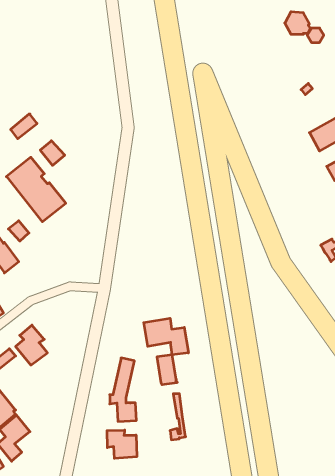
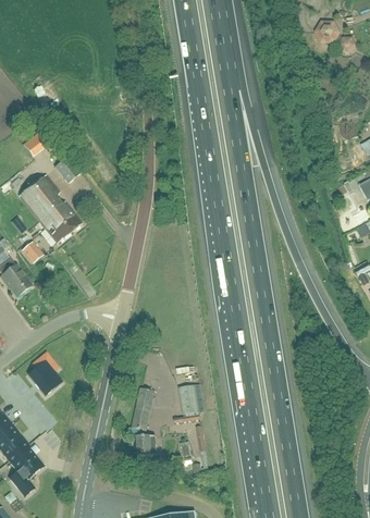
building: [144,318,188,355] -> none
building: [107,430,137,458] -> none

